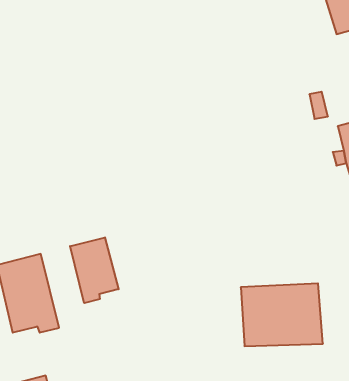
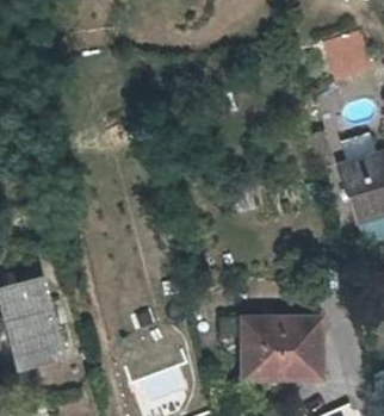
building: [70,237,119,303] -> none

